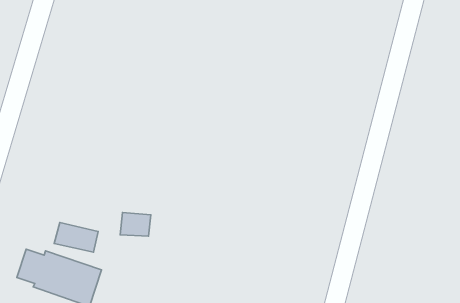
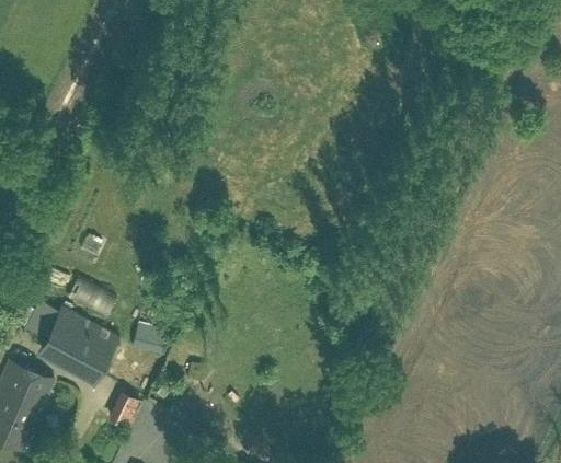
building: [120,212,151,236] -> [130,324,168,355]

